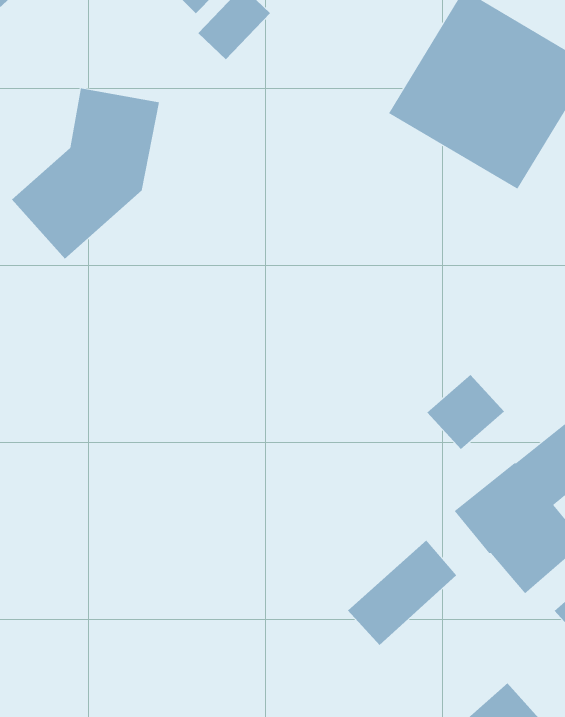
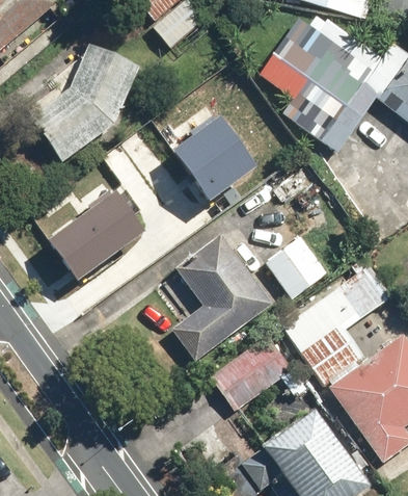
building: none -> [173,114,253,193]
building: none -> [52,188,147,275]
building: none -> [176,242,262,349]

